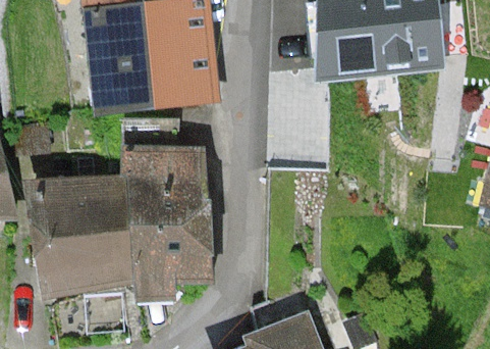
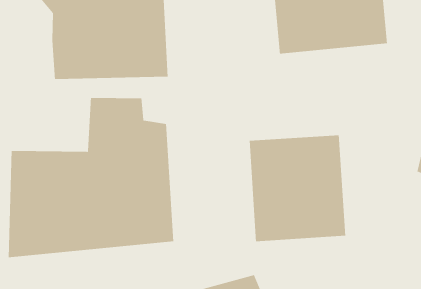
building: none -> [249,134,346,242]

